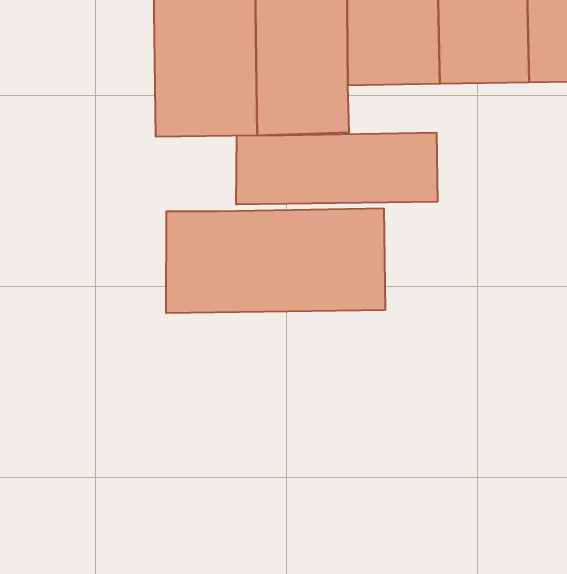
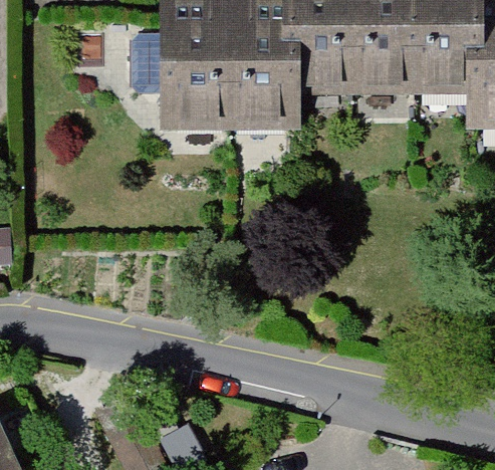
building: [236,133,437,205] -> none
building: [166,208,385,313] -> none

